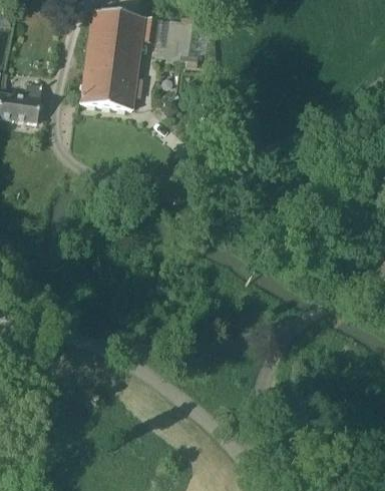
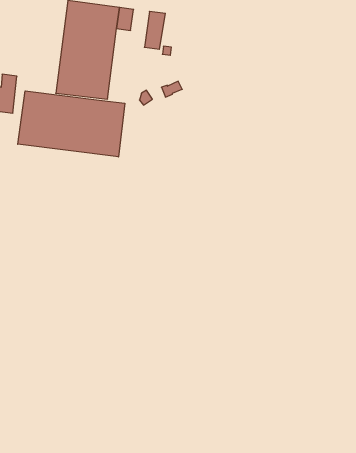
building: none -> [18,91,125,157]

